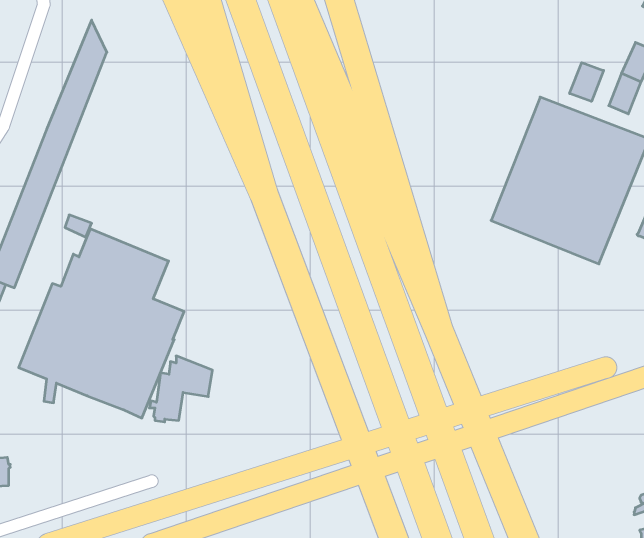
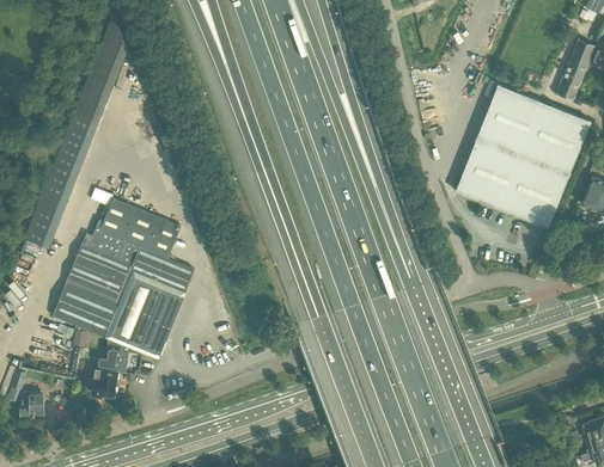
building: [570,63,604,101] -> none
building: [149,356,212,422] -> [87,339,141,395]

